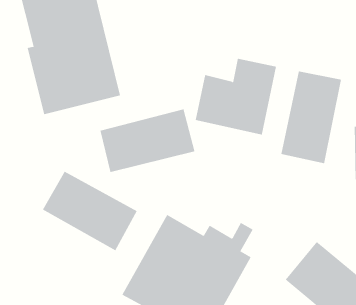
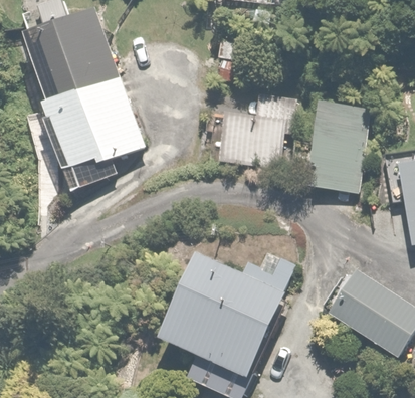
building: [100,109,195,173] -> none
building: [42,171,138,251] -> none

